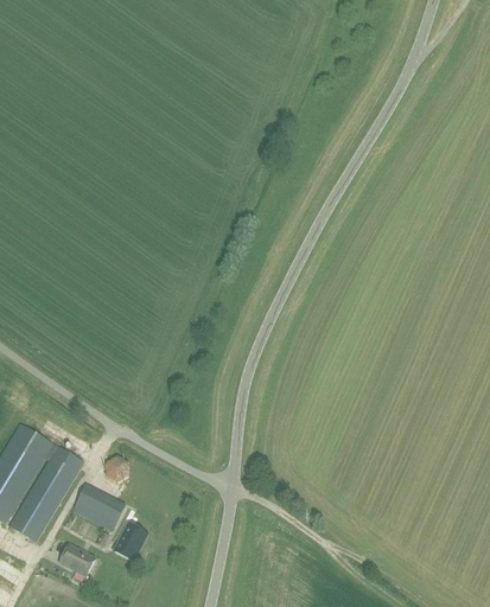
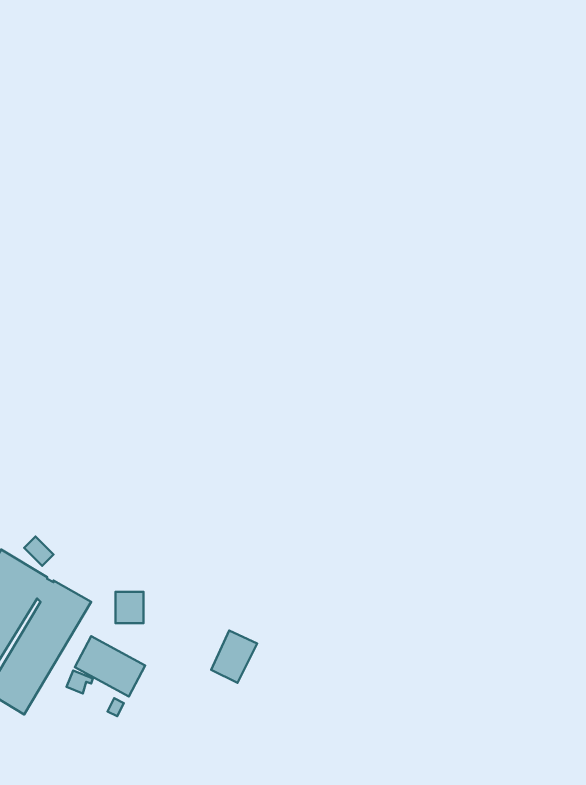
building: [115,520,148,558] -> [211,631,257,683]
building: [61,544,96,575] -> none

